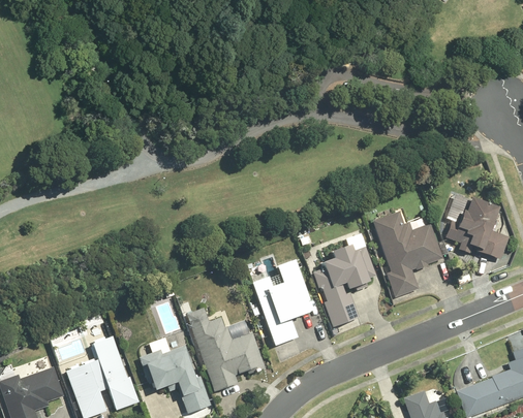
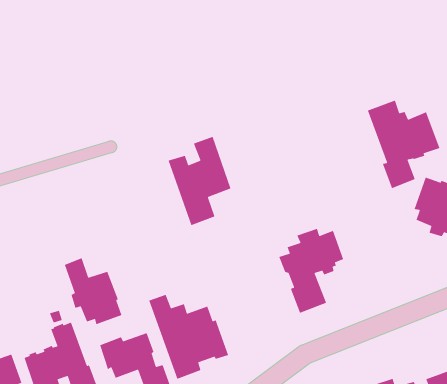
building: [372,212,443,298] -> [367,100,440,189]
building: [252,259,314,347] -> [167,136,231,226]
building: none -> [64,257,123,325]

